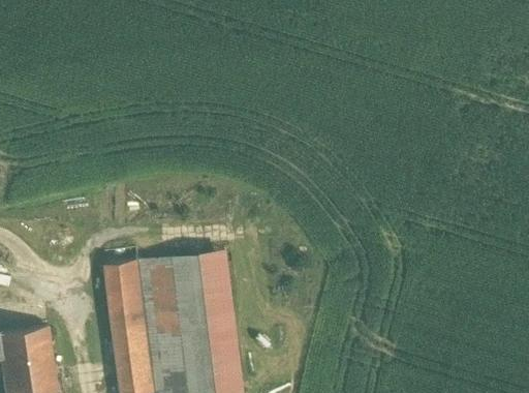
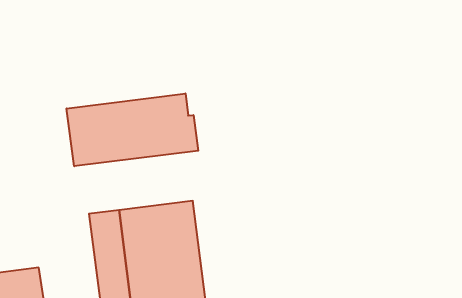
building: none -> [67,93,198,166]

